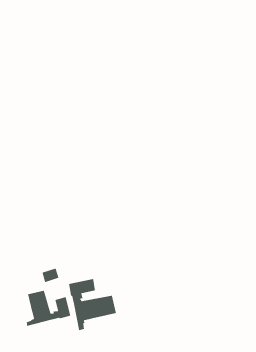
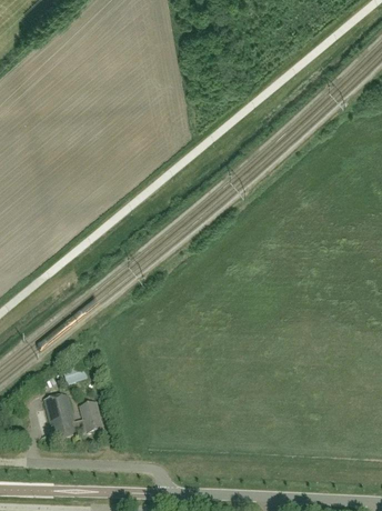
building: [68,278,117,331] -> none

